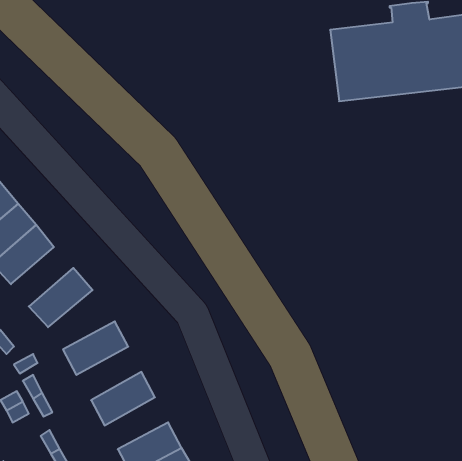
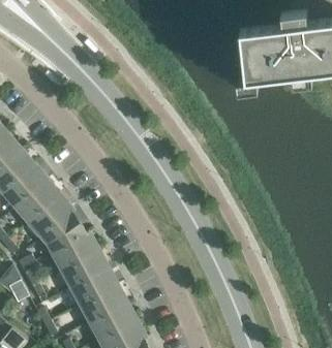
building: none -> [16,181,59,222]
building: none -> [41,211,88,252]
building: none -> [61,250,107,287]
building: none -> [81,285,125,321]

